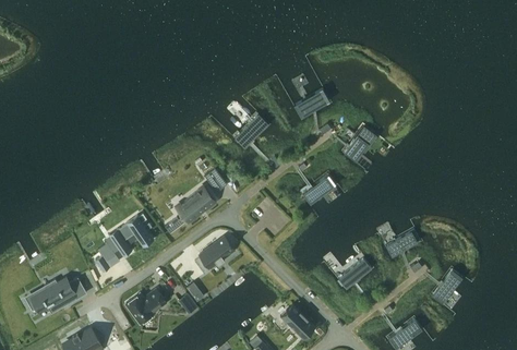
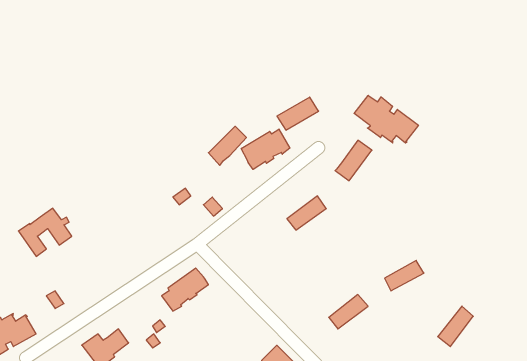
building: none -> [354,95,418,143]
building: none -> [241,129,290,169]
building: [175,185,215,222] -> none
building: [107,215,153,256] -> [18,208,72,256]

